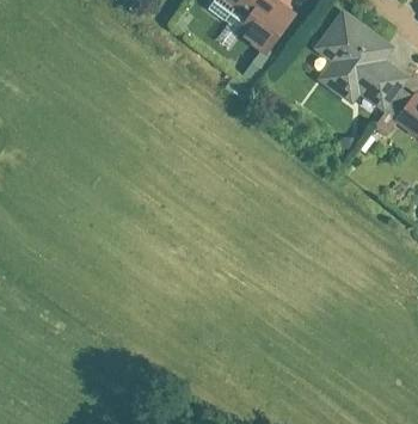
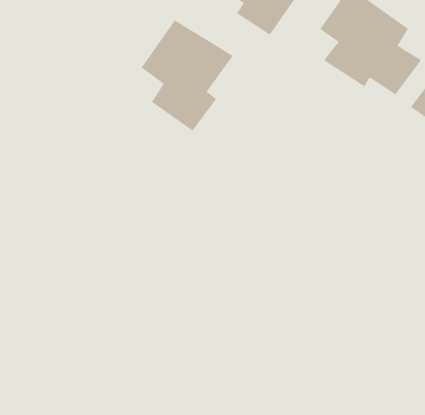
building: none -> [141,19,234,131]

